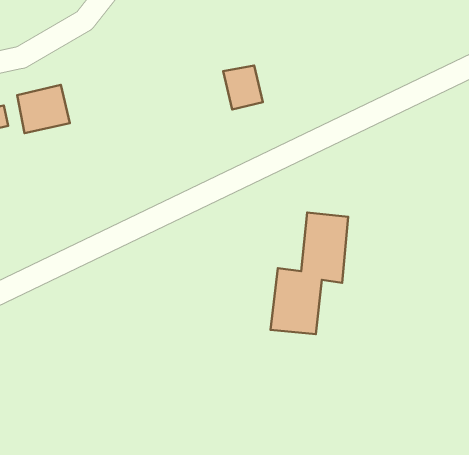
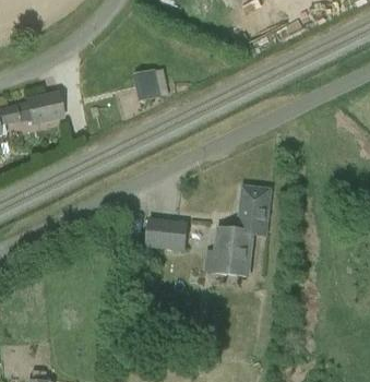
building: [223,65,263,109] -> [133,69,163,102]
building: none -> [146,217,189,251]

